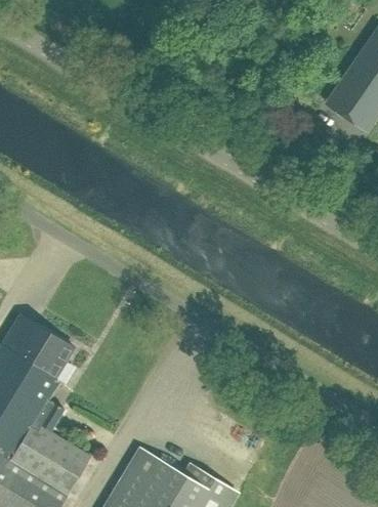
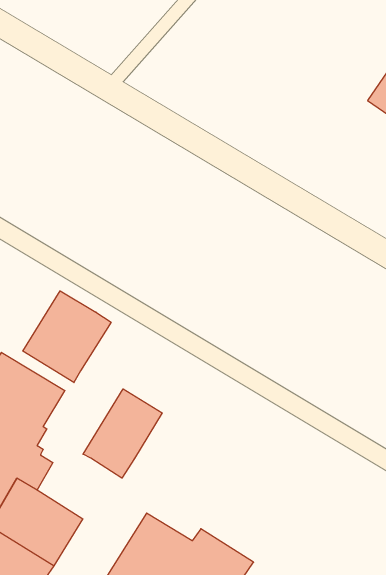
building: none -> [23,291,111,383]
building: none -> [83,389,162,478]

